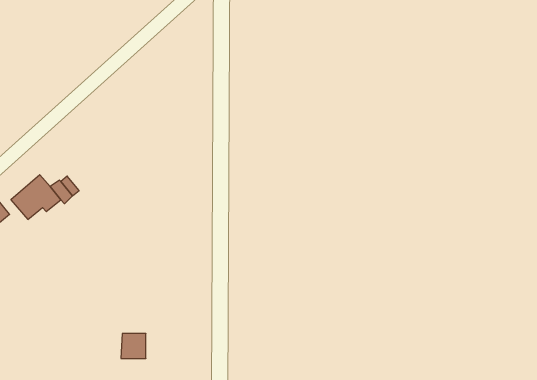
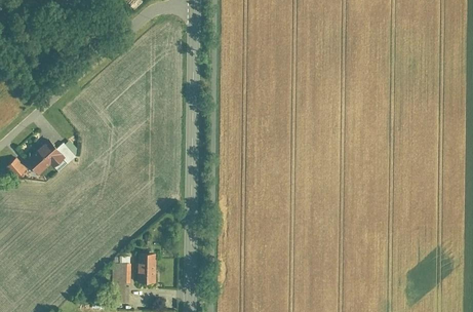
building: none -> [136,256,157,285]

